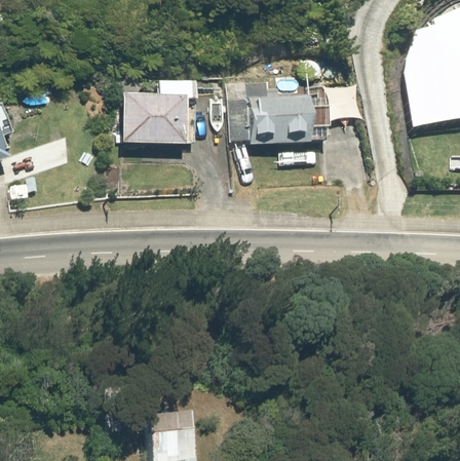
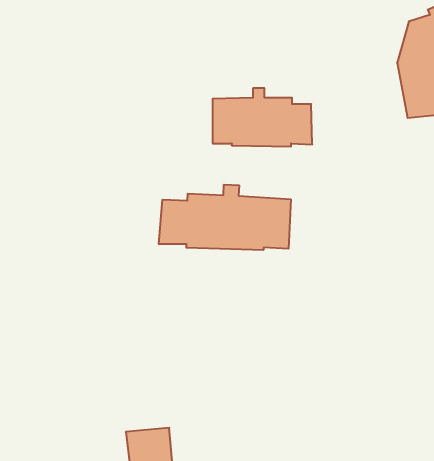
building: [120,80,195,151] -> none
building: none -> [159,185,291,250]

